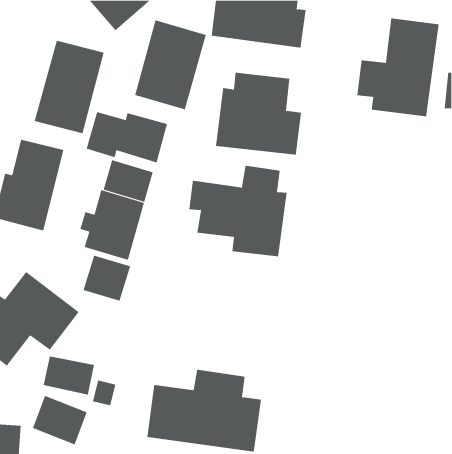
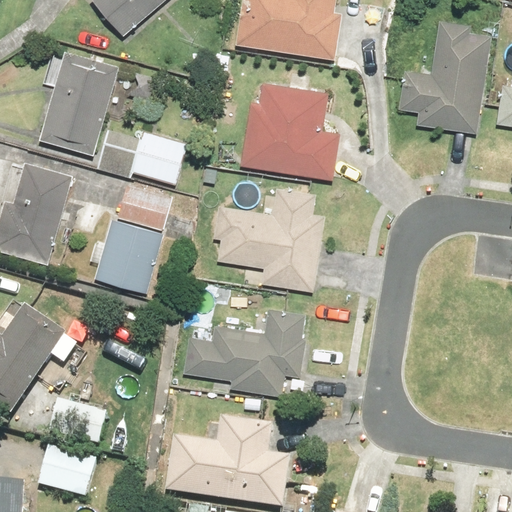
building: [134,19,207,110] -> none
building: [83,255,131,301] -> none
building: none -> [185,305,310,412]

